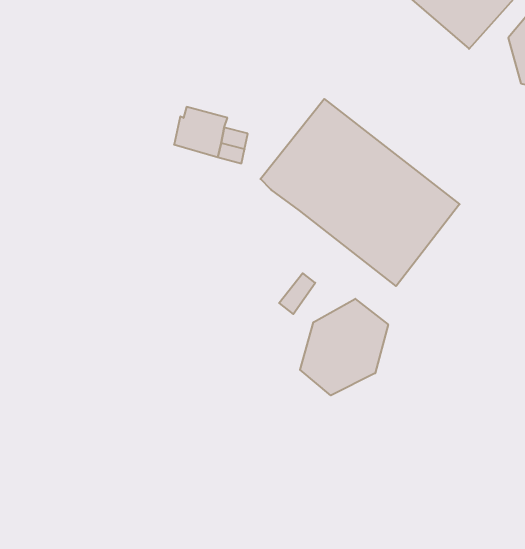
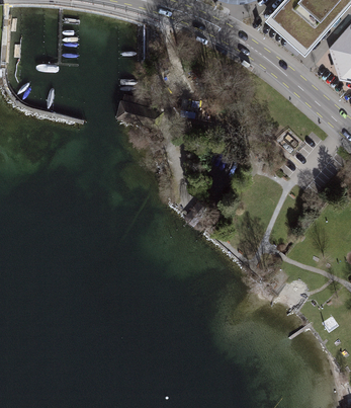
building: [260,99,460,286] -> none
building: [300,299,388,395] -> none

